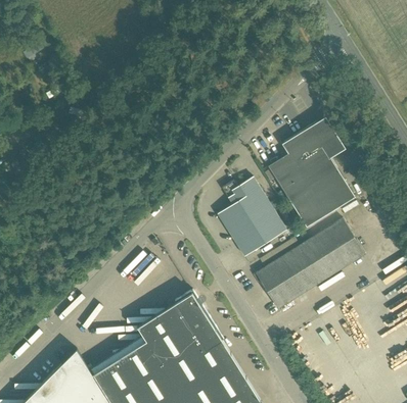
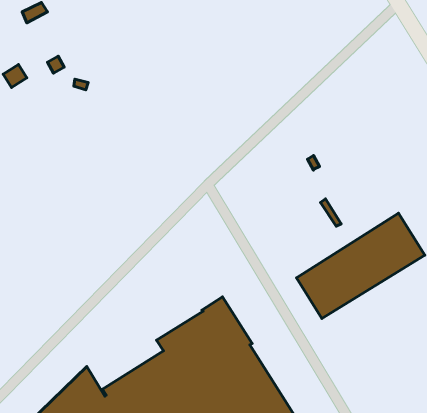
building: [270,123,355,226] -> none
building: [217,178,286,257] -> none

